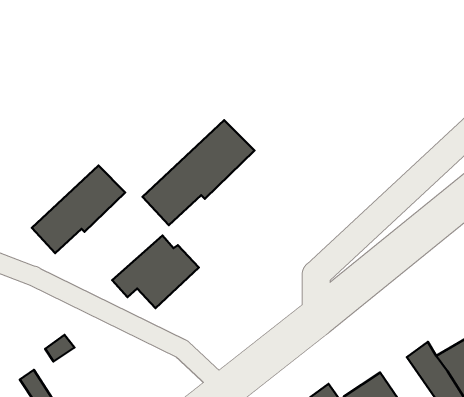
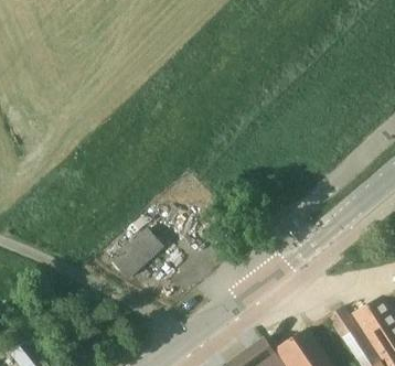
building: [142,120,255,225] -> none
building: [32,165,125,253] -> none

